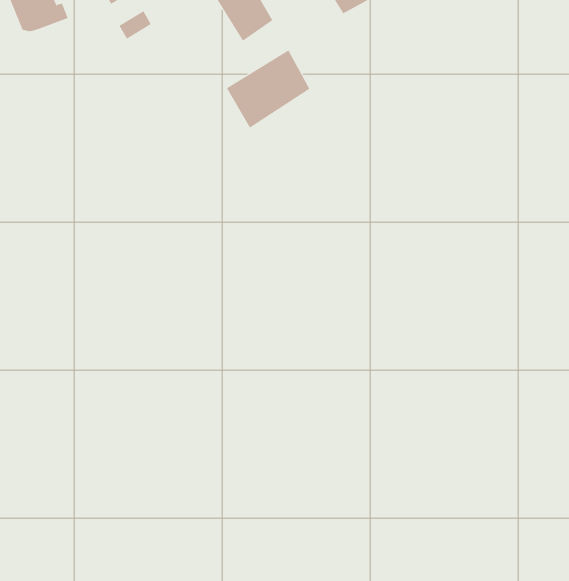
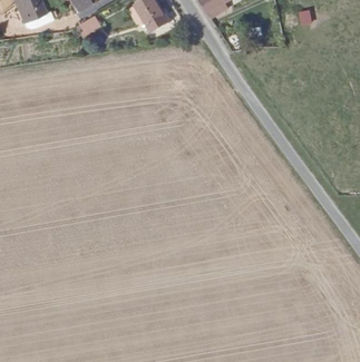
building: [226,50,310,129] -> none

